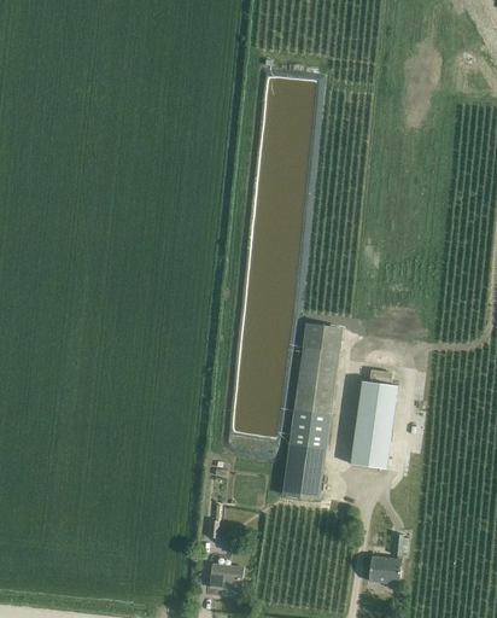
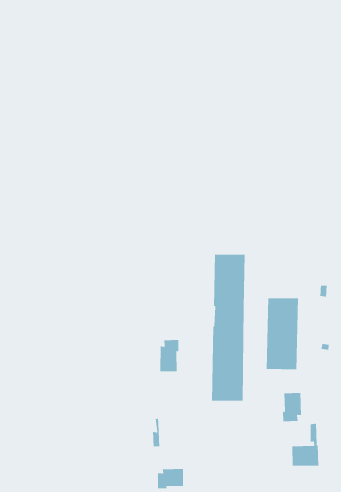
building: none -> [160,339,179,372]
building: none -> [282,392,302,422]

